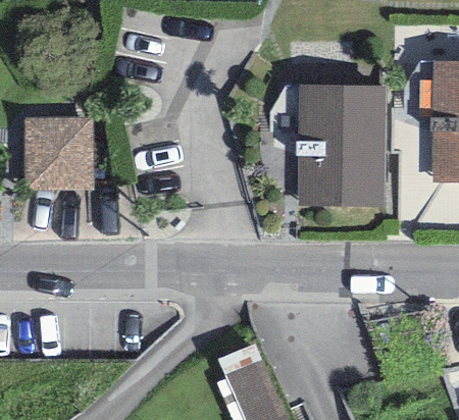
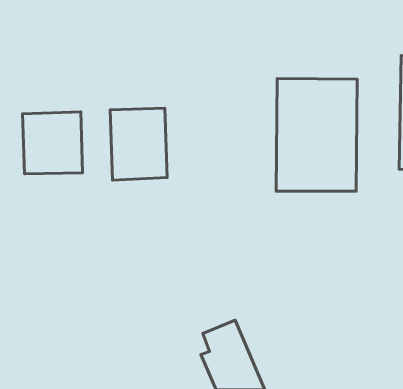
building: none -> [110,108,167,180]

